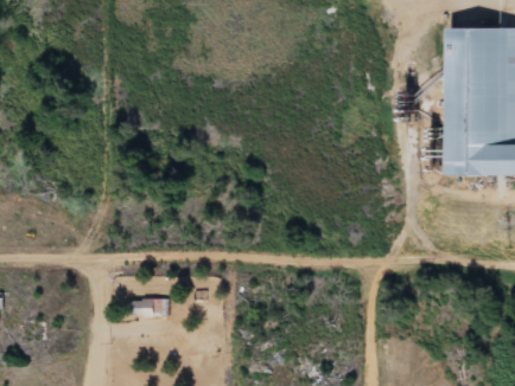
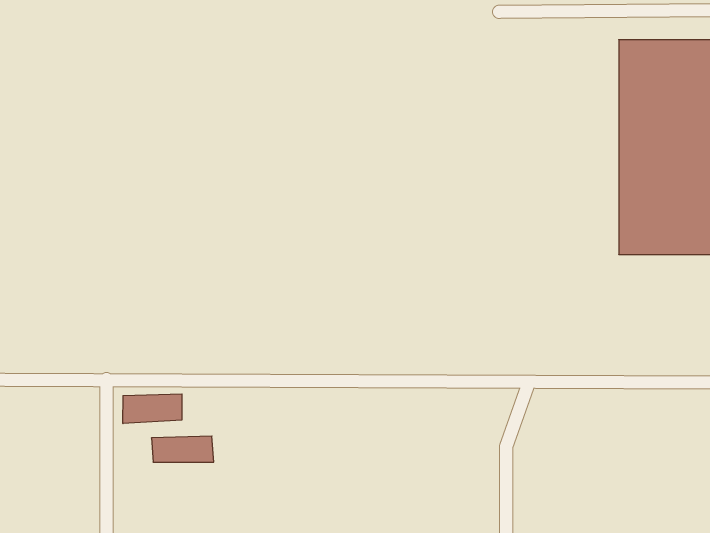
building: none -> [123,394,182,424]

